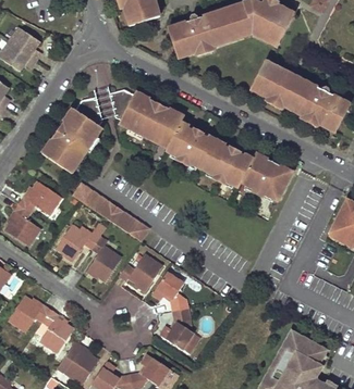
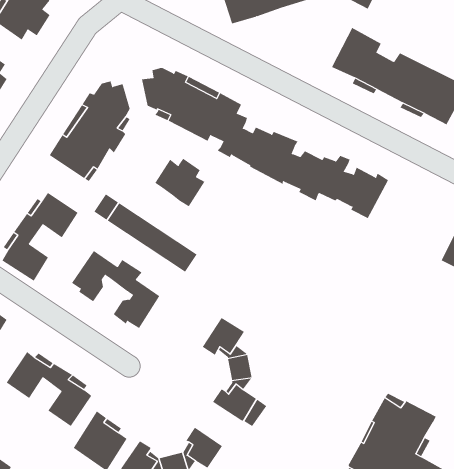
building: none -> [154,158,205,207]
building: [120,253,163,290] -> none

